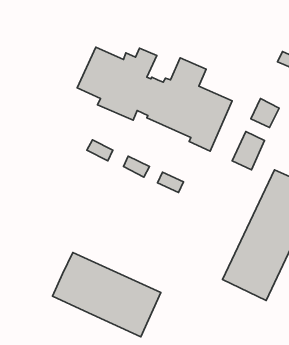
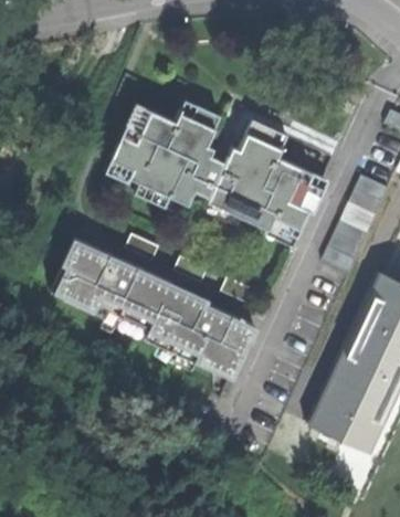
building: none -> [50,239,254,379]
building: [53,252,161,337] -> none

